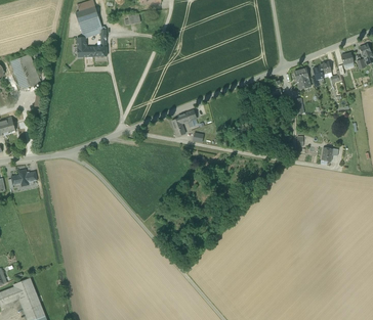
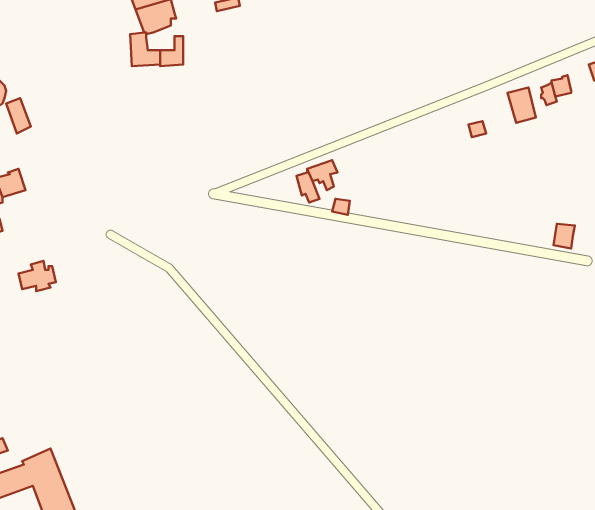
building: [11,54,41,89] -> none

